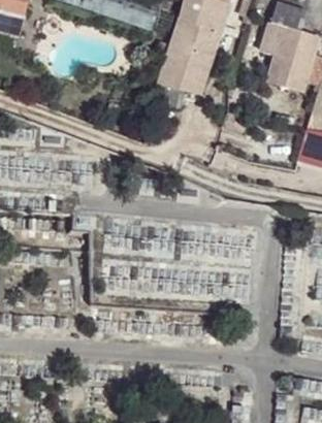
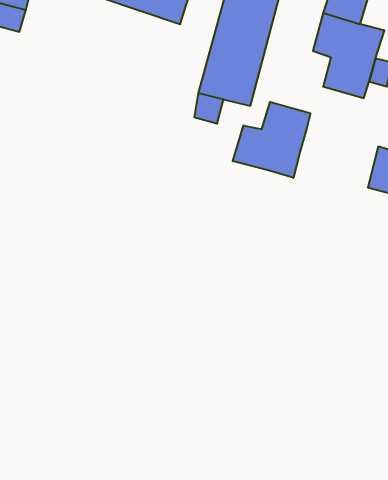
building: none -> [233,102,310,178]

